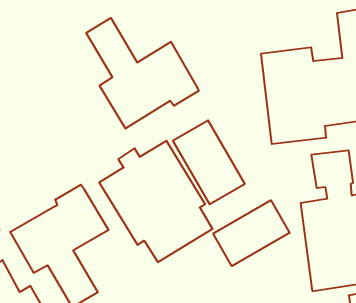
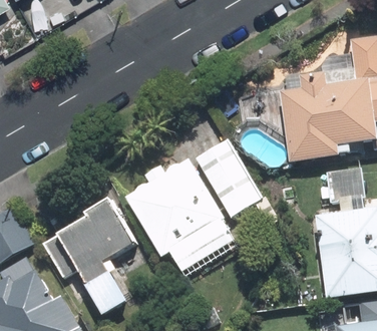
building: [86,18,199,129] -> none
building: [213,200,290,266] -> none

